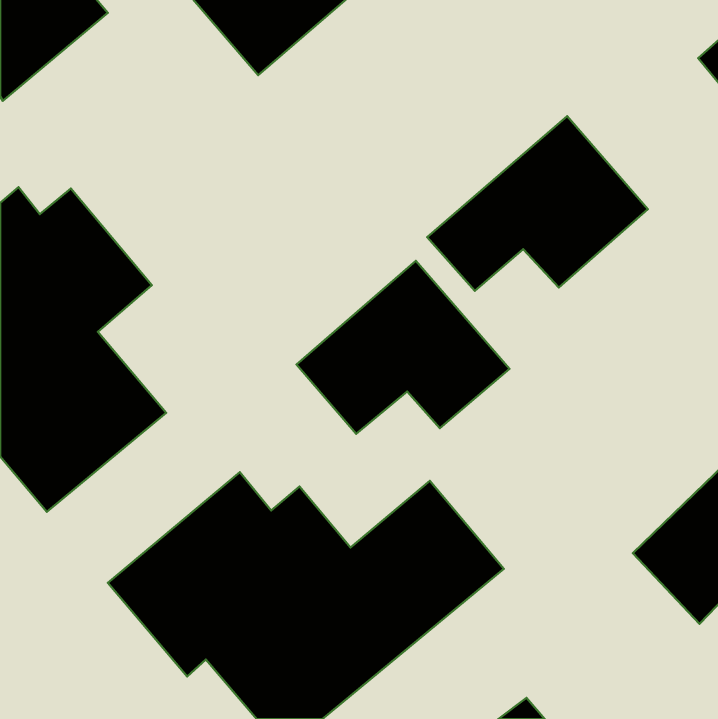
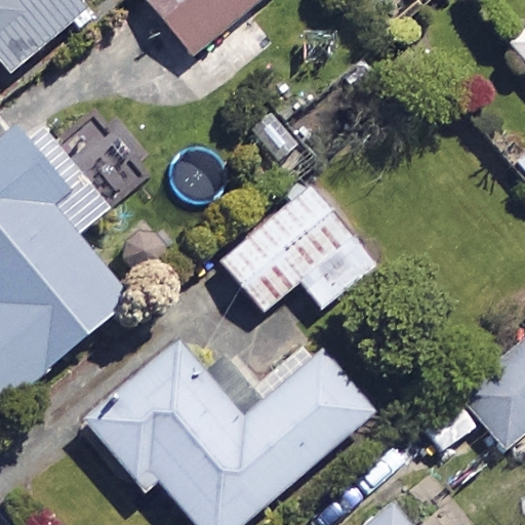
building: [427,116,648,291] -> none

